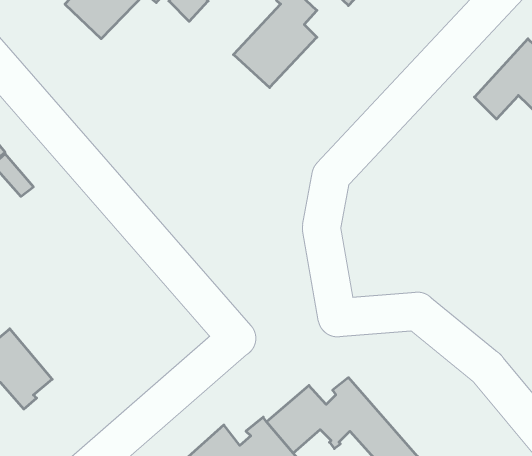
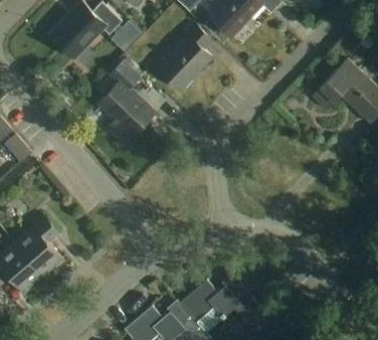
building: none -> [98,60,155,145]
building: none -> [15,213,63,276]

